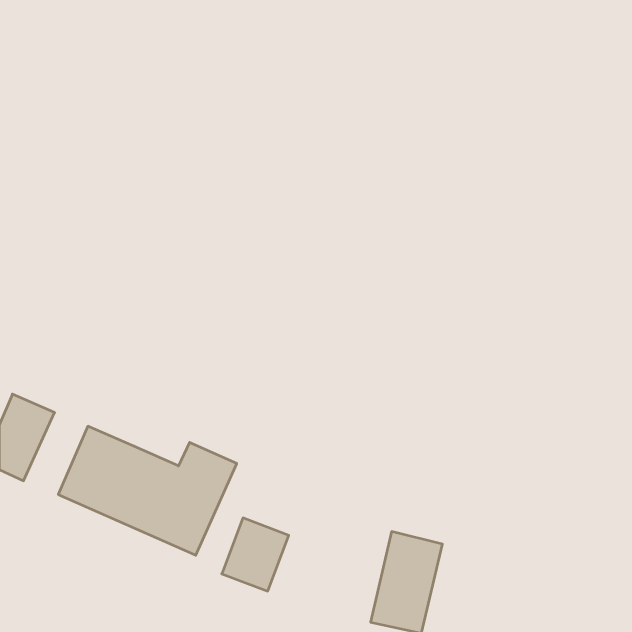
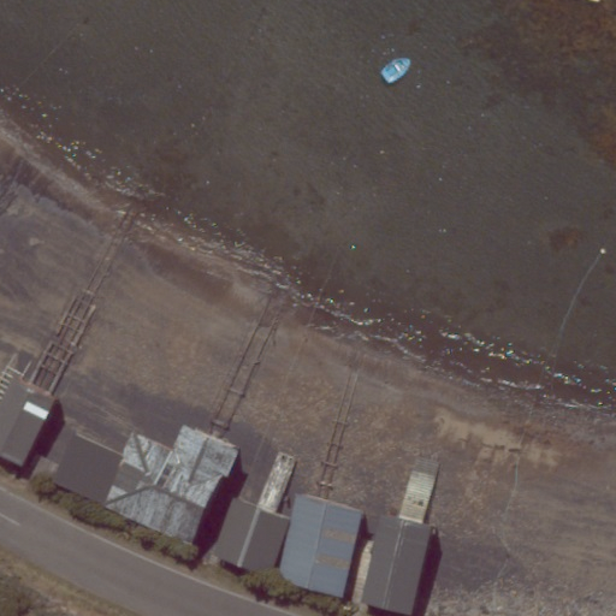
building: none -> [276,494,362,598]

